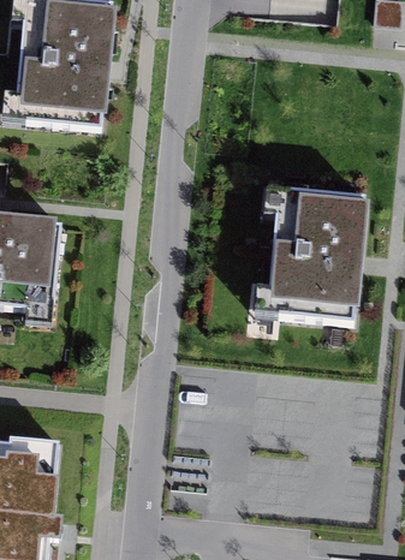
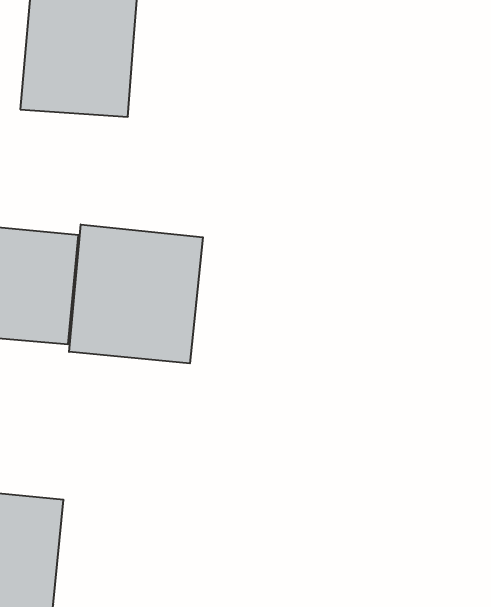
building: [268,187,365,318] -> none
building: none -> [69,224,203,363]

